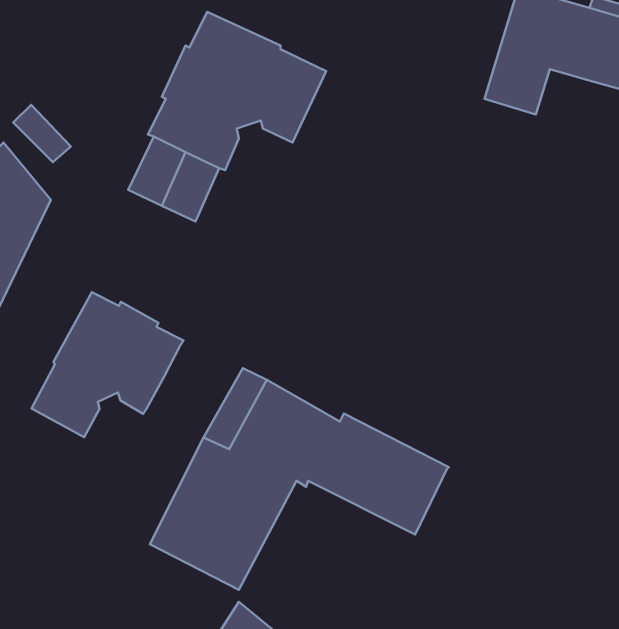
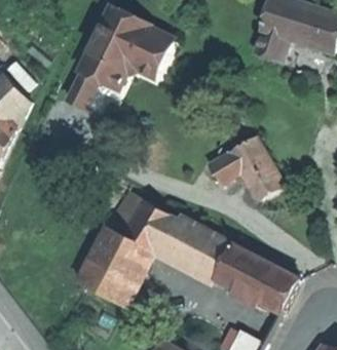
building: none -> [207,135,283,200]
building: [31,292,184,437] -> none
building: none -> [217,244,300,312]

